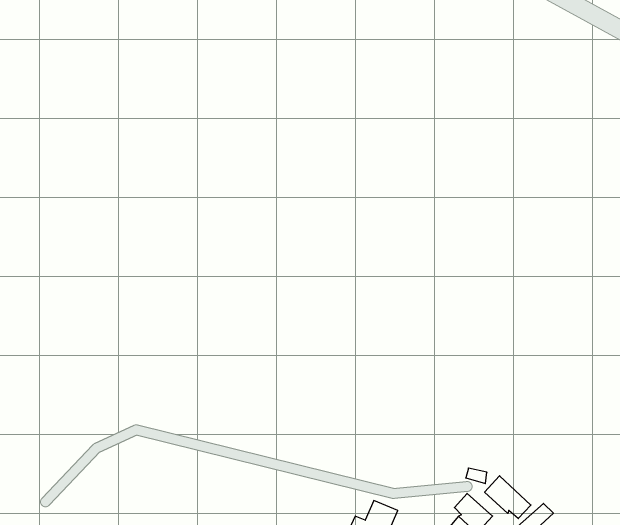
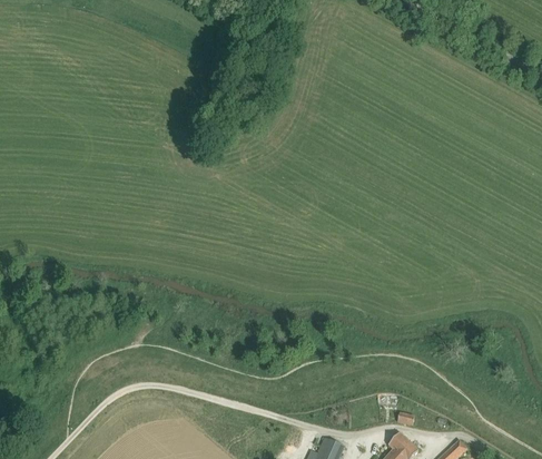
building: [485,476,531,519] -> none

